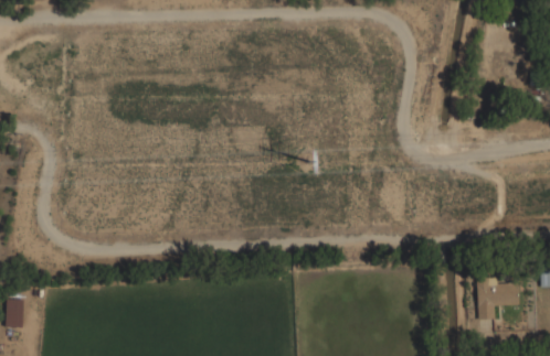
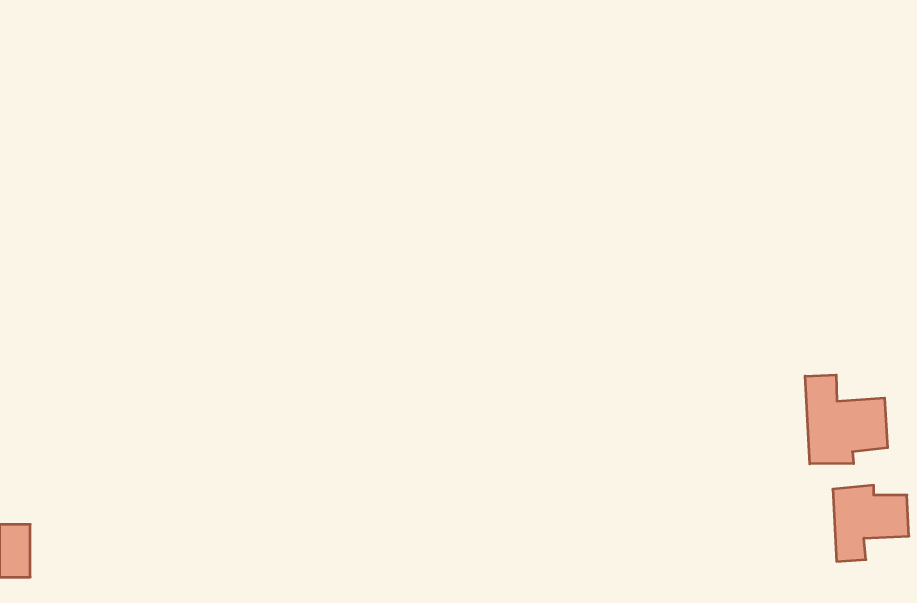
building: none -> [805,375,888,464]

